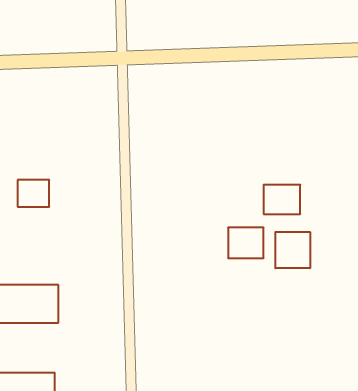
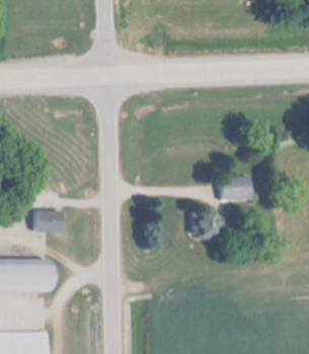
building: [18,180,49,207] -> [36,210,63,233]
building: [275,232,310,268] -> none

